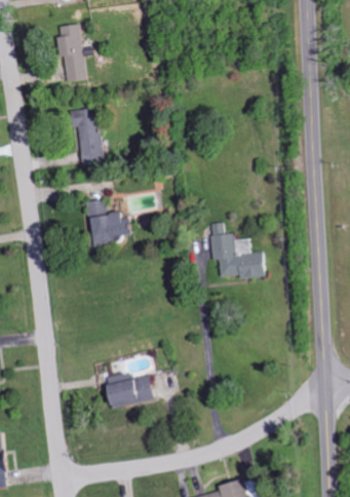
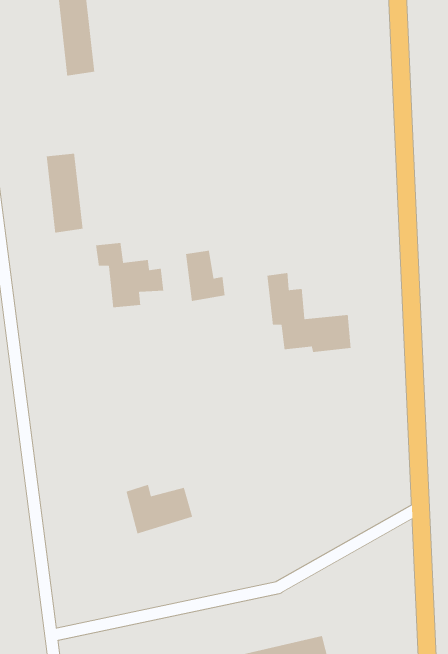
building: [76,108,103,165] -> [46,153,83,233]
building: none -> [185,250,226,302]

